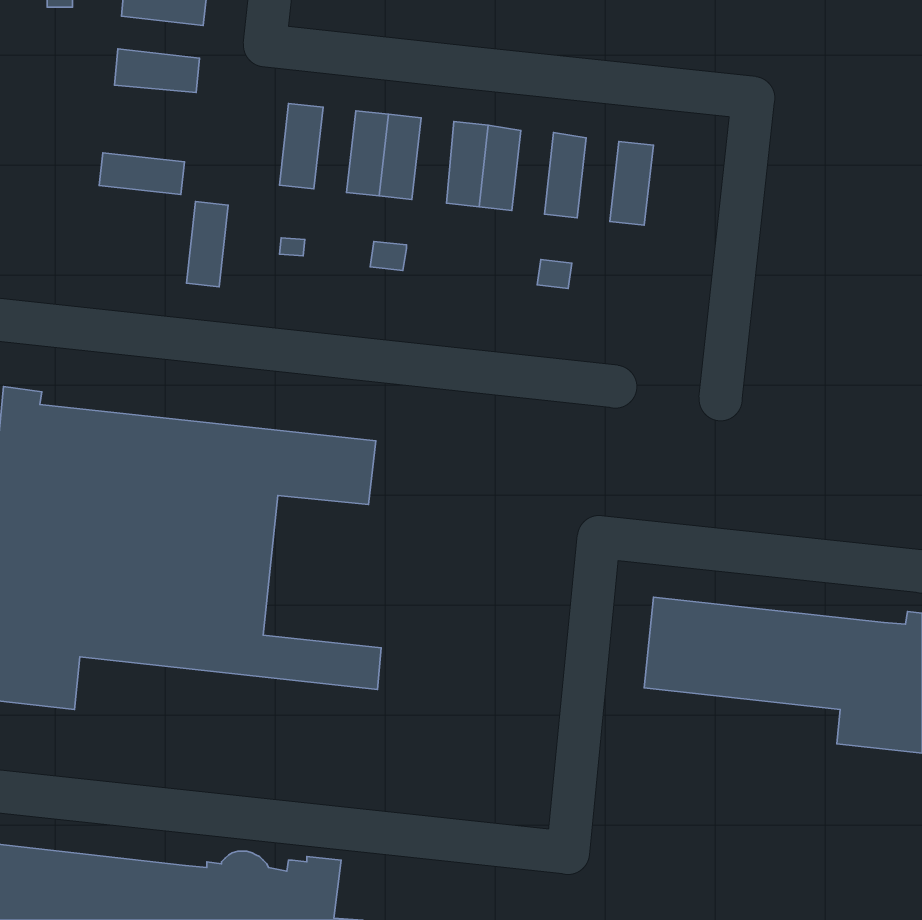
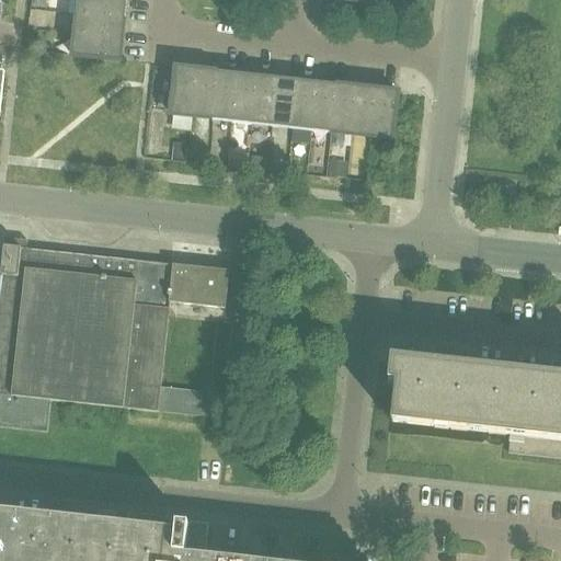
building: none -> [249,71,274,123]
building: none -> [309,79,334,129]
building: none -> [348,83,374,134]
building: [99,153,184,195] -> [71,10,123,35]
building: [187,201,228,287] -> [190,65,215,116]

